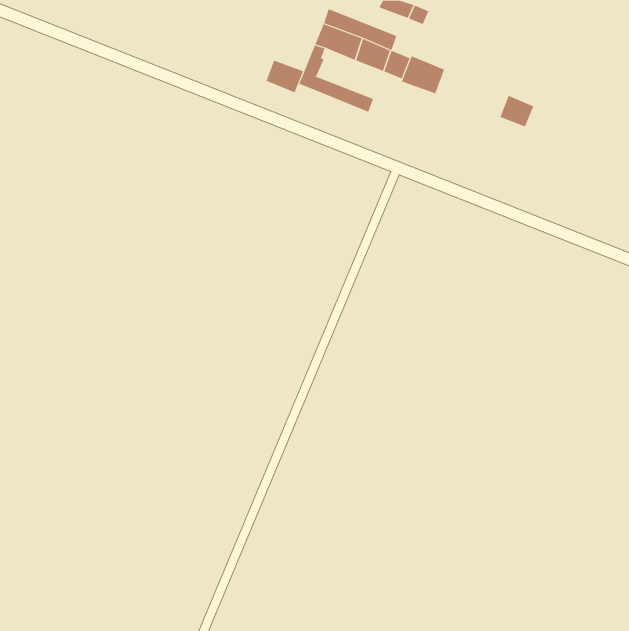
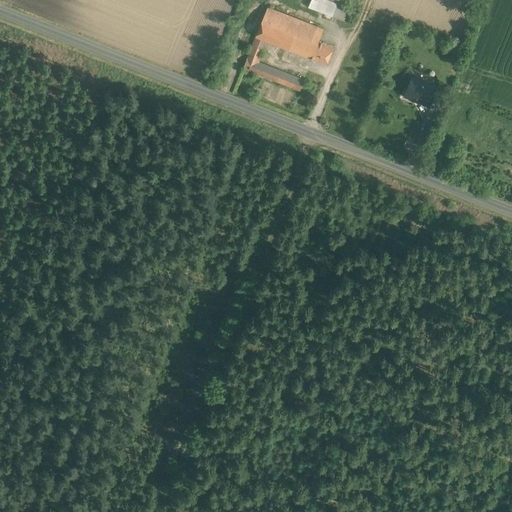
building: [401,56,445,94] -> none
building: [266,60,304,93] -> none

